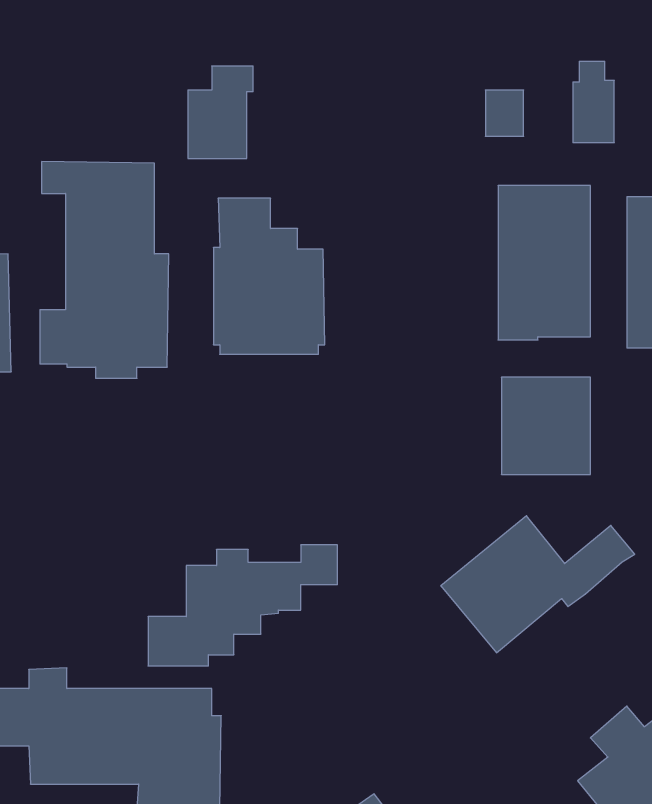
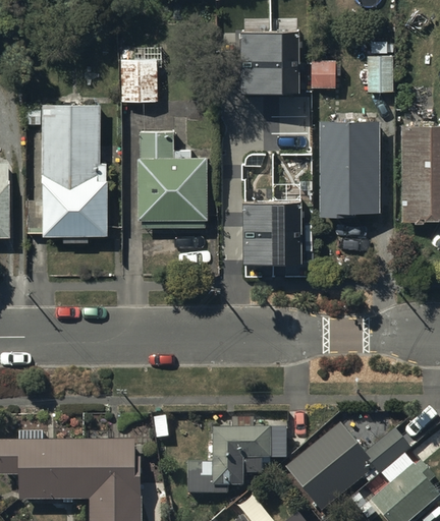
building: none -> [239,28,299,91]
building: [501,377,590,474] -> [242,200,299,263]
building: [441,516,635,653] -> [286,422,410,510]
building: [148,545,337,666] -> [188,416,310,494]

